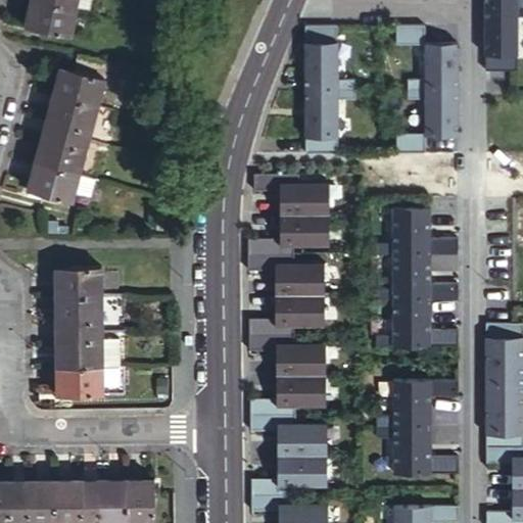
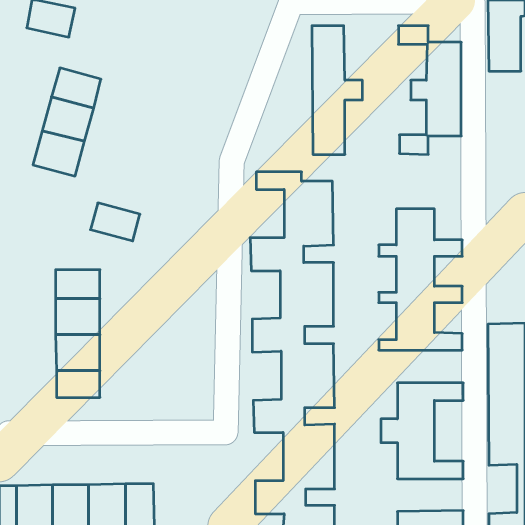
building: [26,164,75,202] -> [90,203,140,241]

